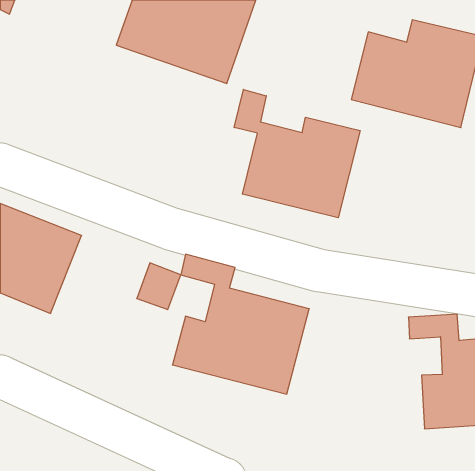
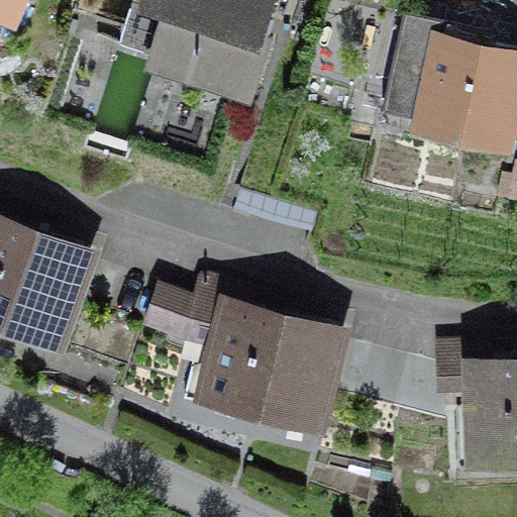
building: [234,89,360,218] -> none

